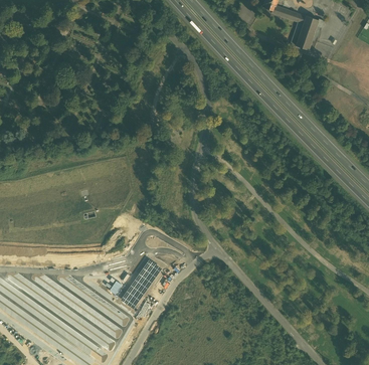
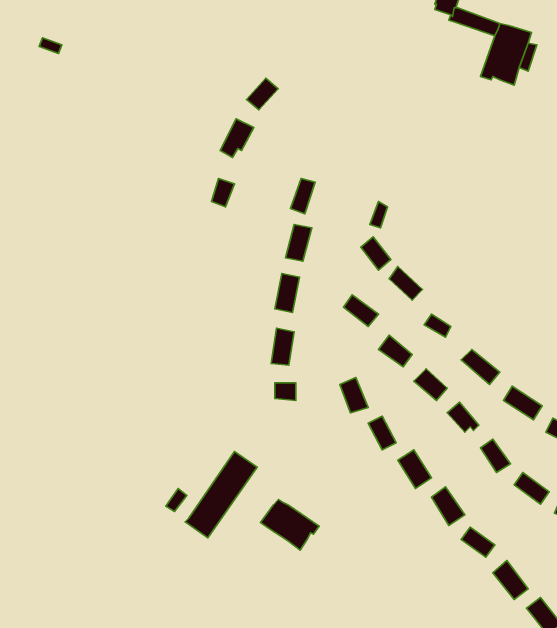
building: none -> [261,499,319,550]

